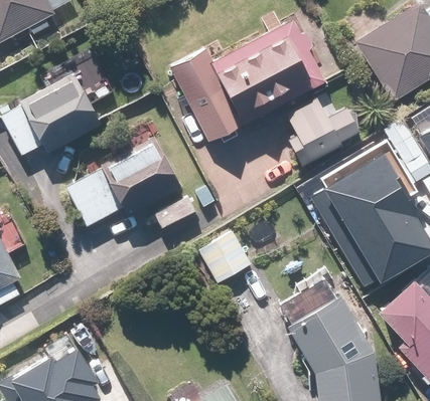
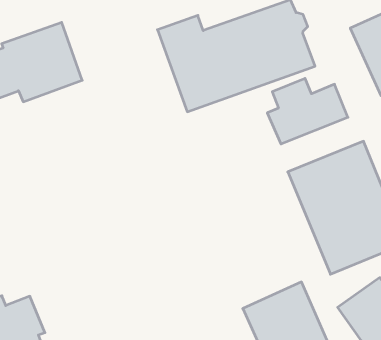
building: [66,134,183,228] -> none
building: [199,231,252,282] -> none

